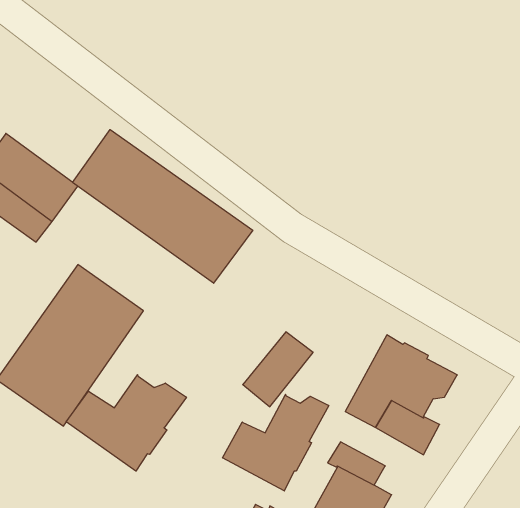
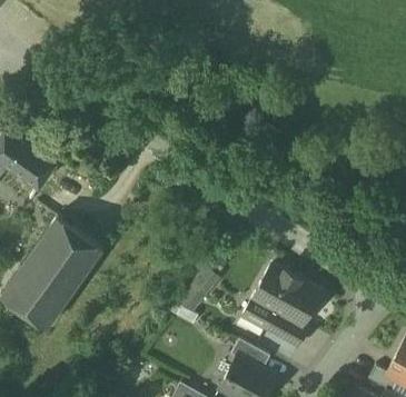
building: [73,130,253,283] -> none
building: [66,375,186,471] -> none
building: [223,394,329,491] -> none

